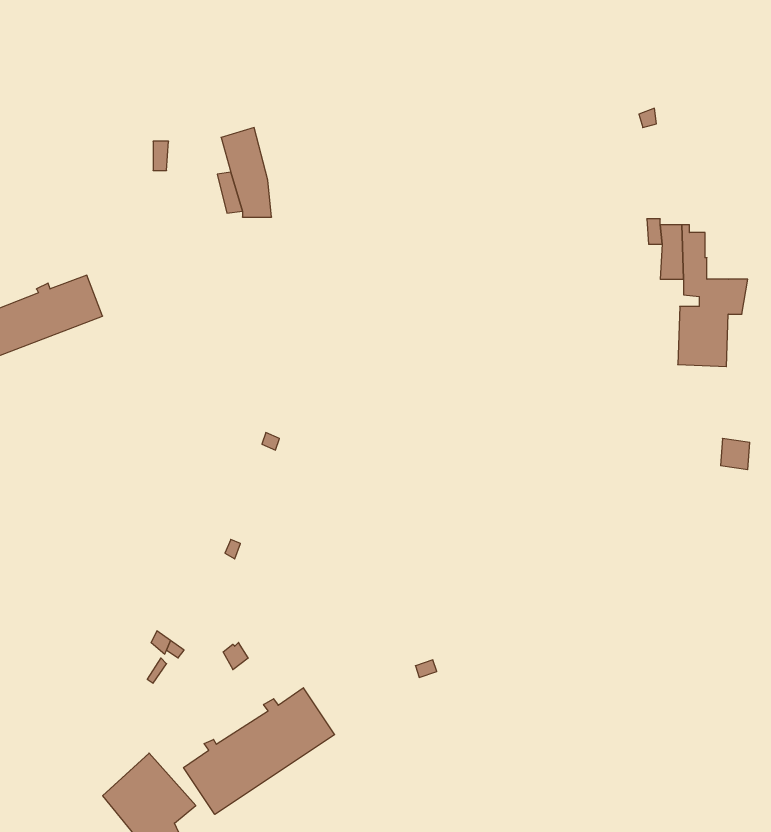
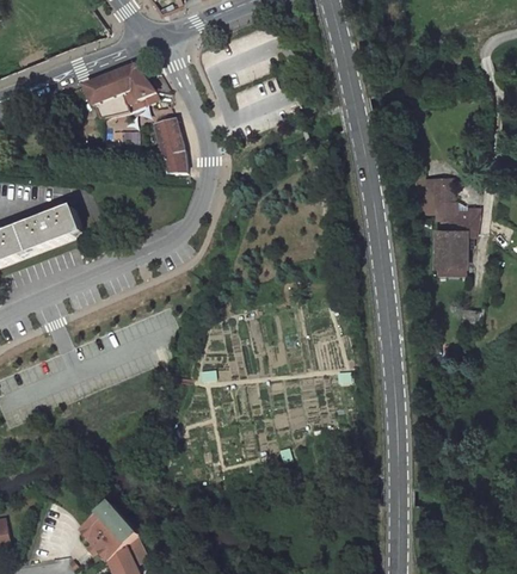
building: none -> [84,66,155,118]
building: [184,688,335,814] -> none

